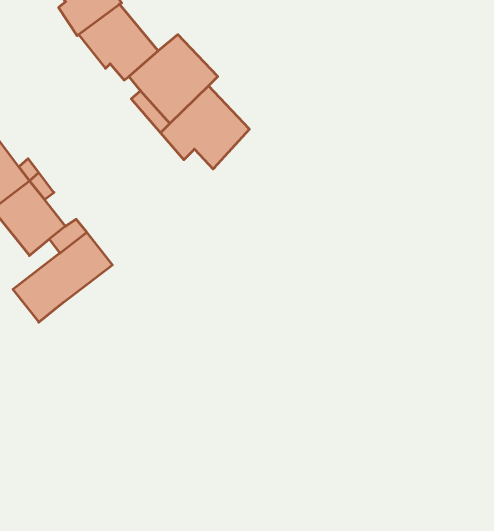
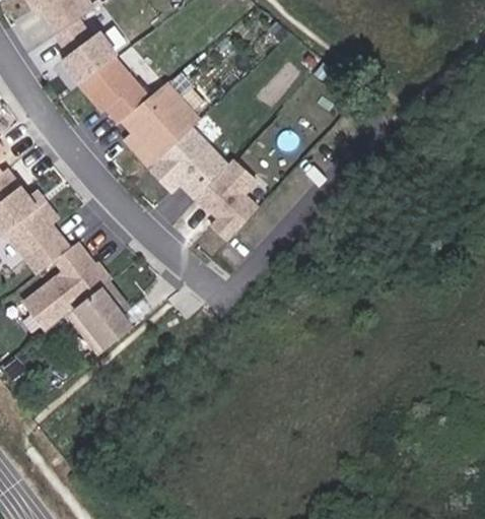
building: none -> [196,156,258,238]
building: none -> [65,280,146,353]

